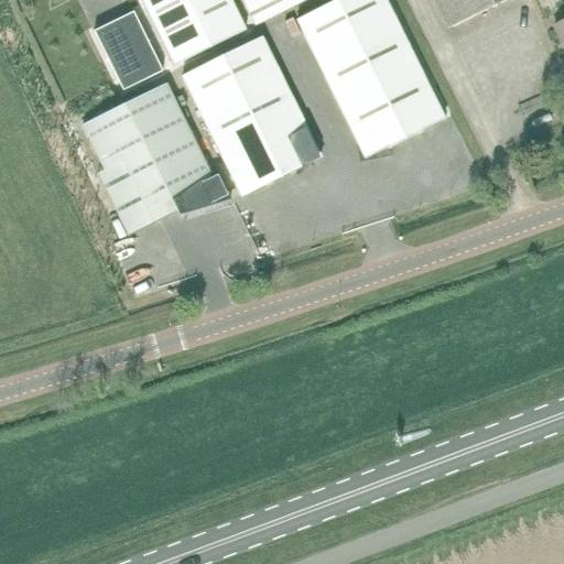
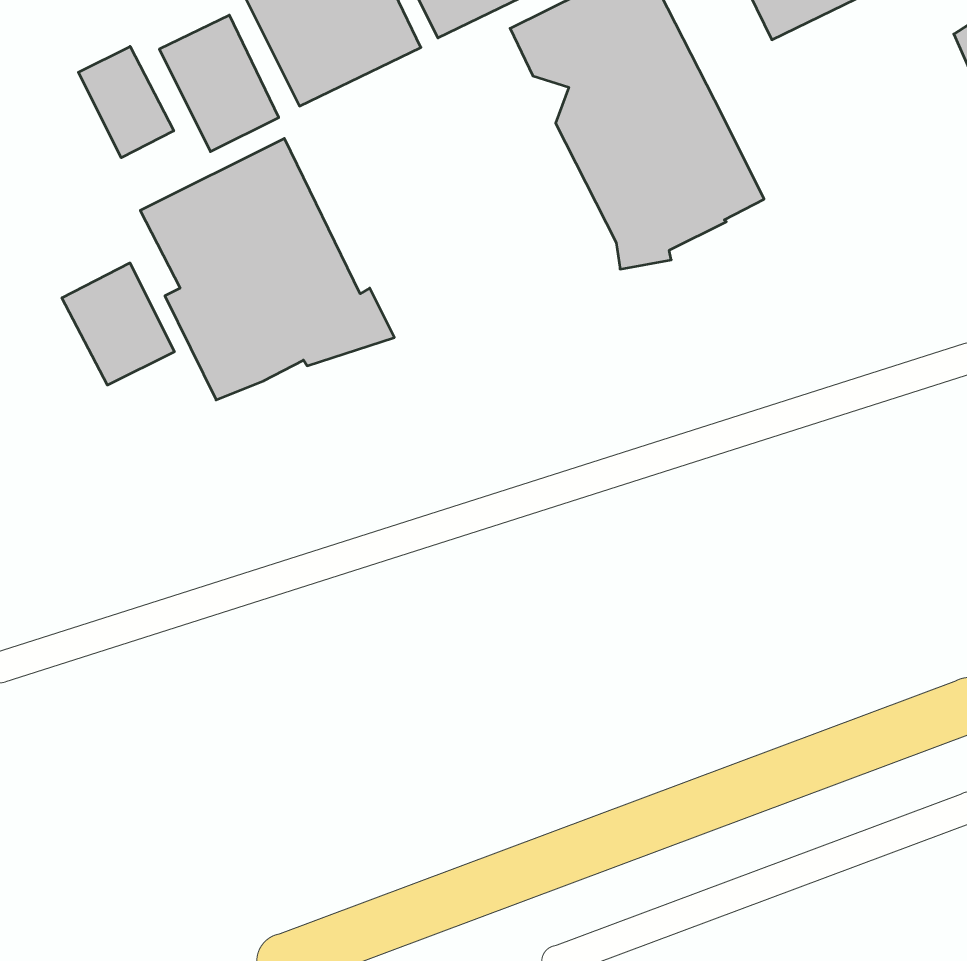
building: none -> [78,46,174,158]
building: [183,34,322,193] -> none
building: none -> [62,263,174,385]

